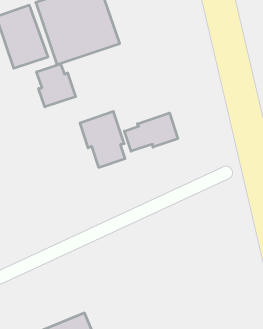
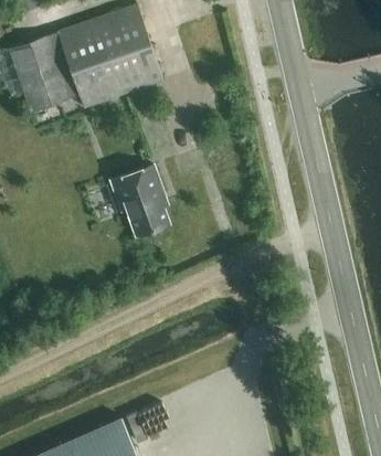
building: [37,64,76,107] -> none
building: [124,113,178,151] -> none

